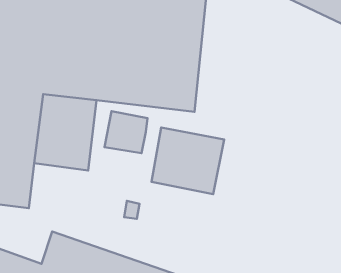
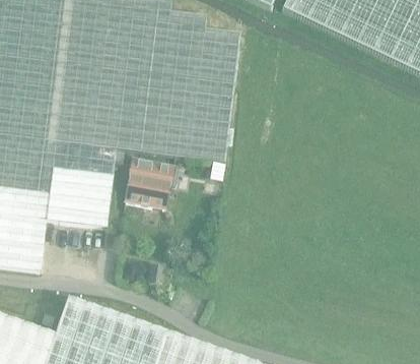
building: [151,128,224,194] -> none

